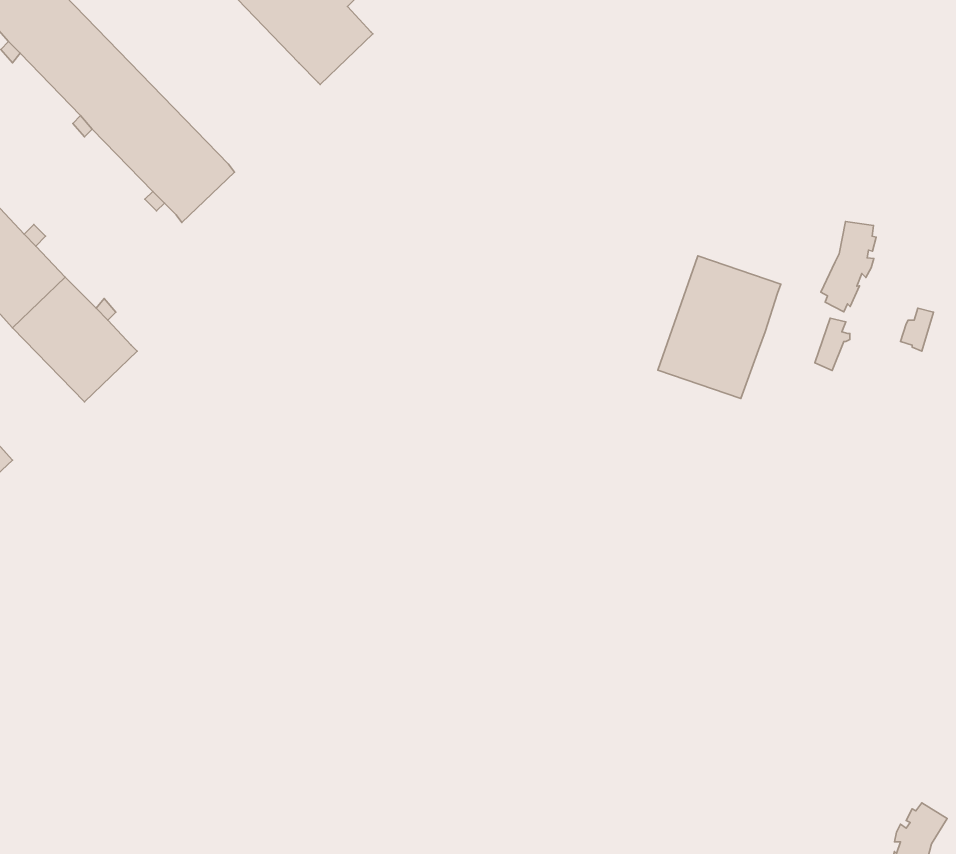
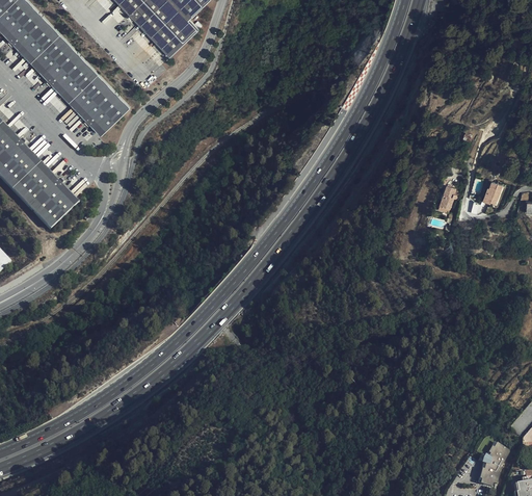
building: [821,222,876,312] -> none
building: [658,256,781,399] -> none

